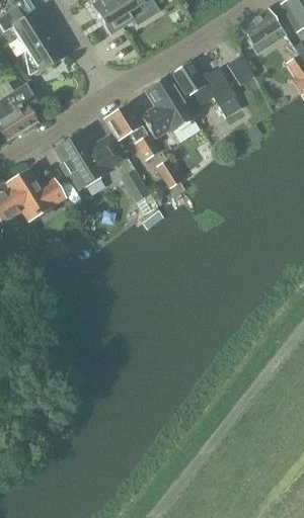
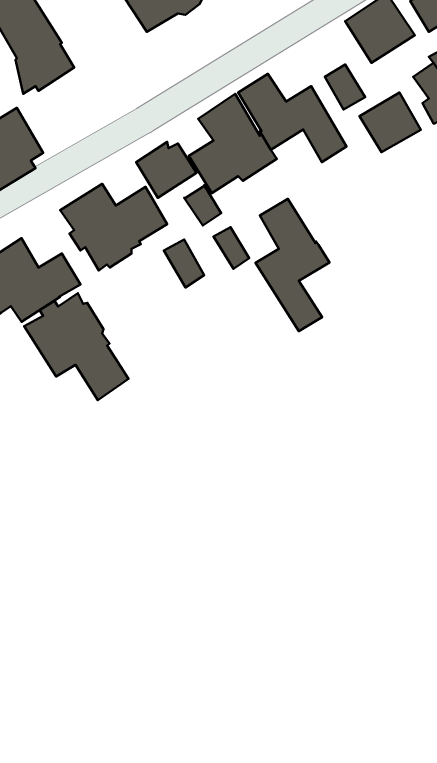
building: none -> [359,92,421,152]
building: none -> [255,199,330,331]
building: none -> [24,293,129,400]

